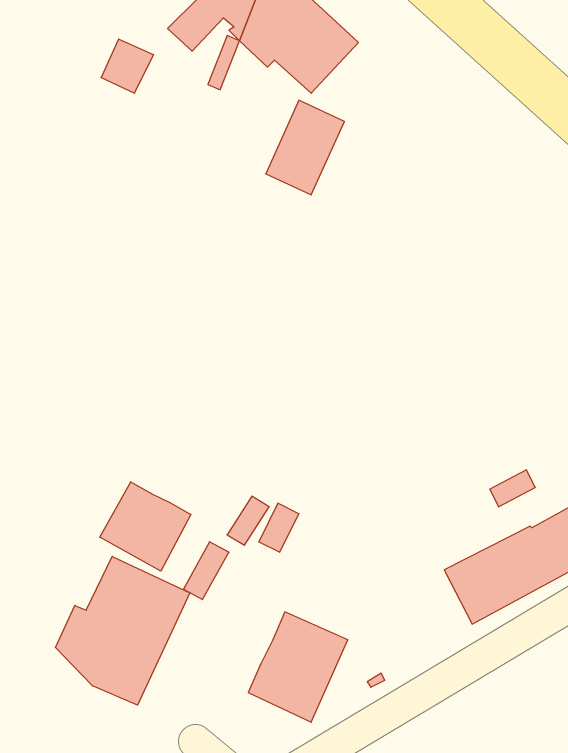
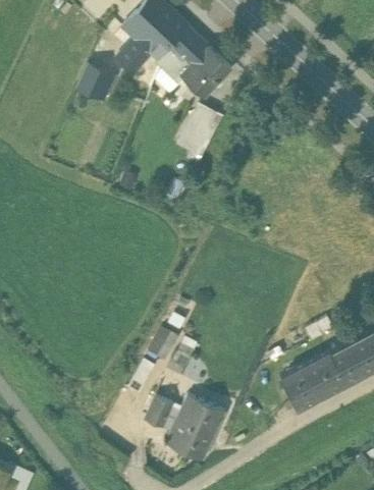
building: [100,482,191,571] -> none
building: [56,556,190,705] -> none
building: none -> [145,398,180,429]

